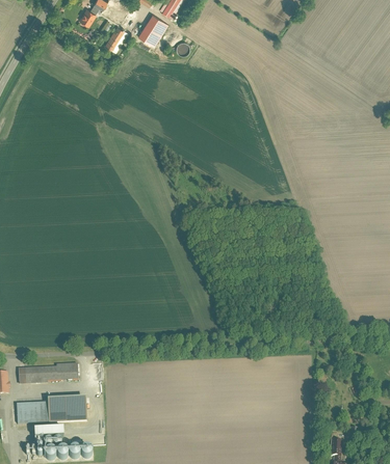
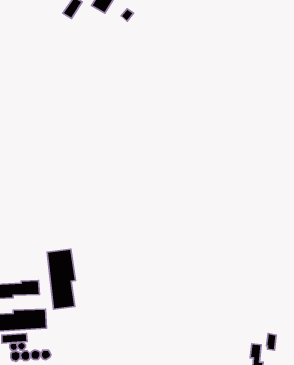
building: none -> [47,249,75,309]

